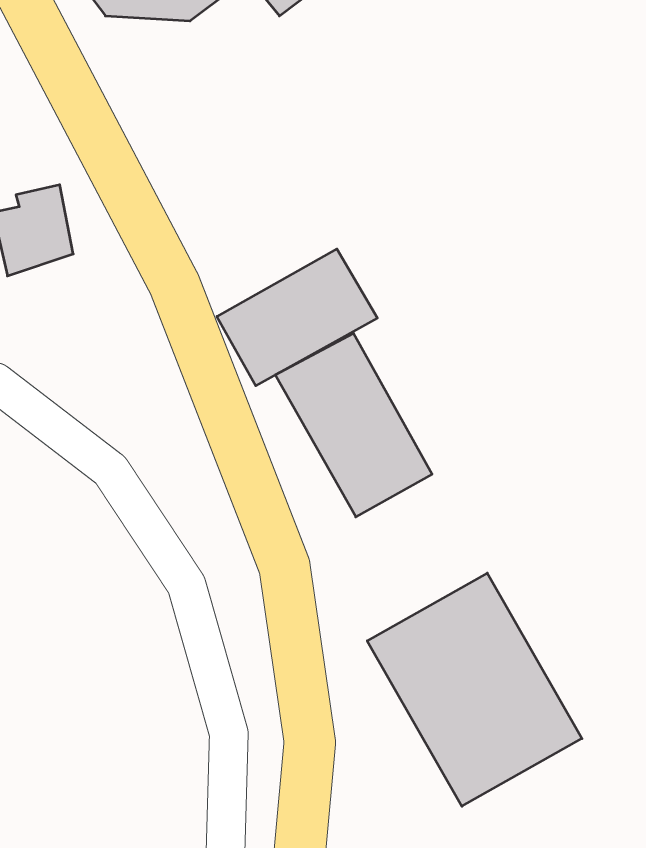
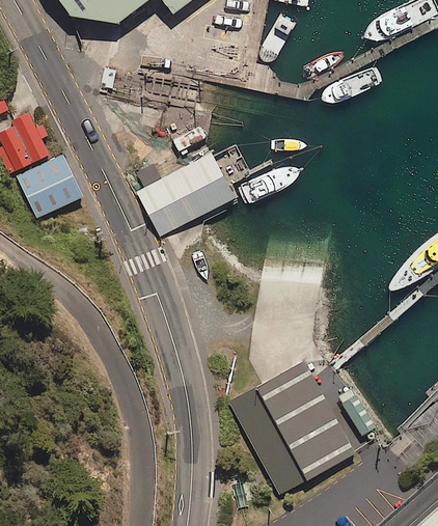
building: none -> [15,154,83,222]
building: [275,333,432,517] -> none

